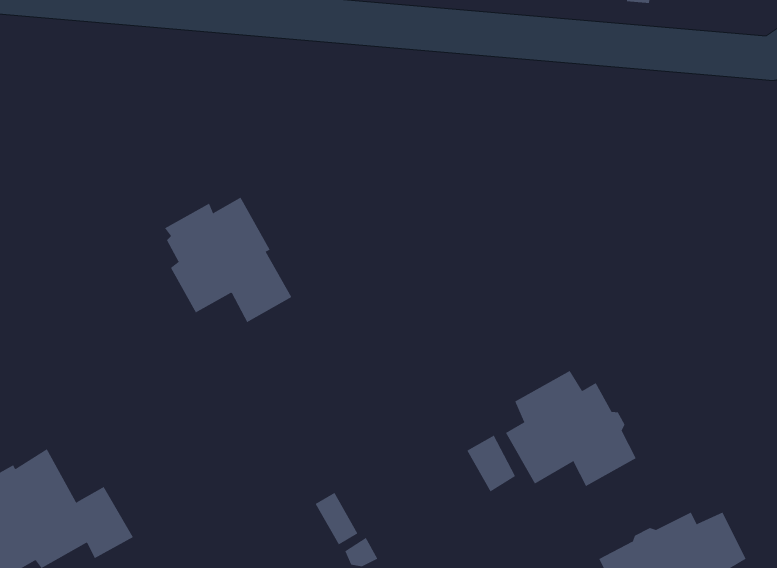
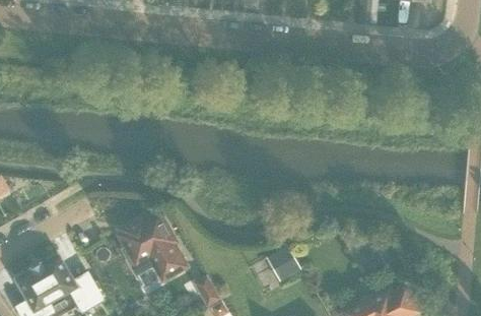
building: [164,197,292,323] -> [119,213,185,278]
building: [505,370,636,487] -> none

